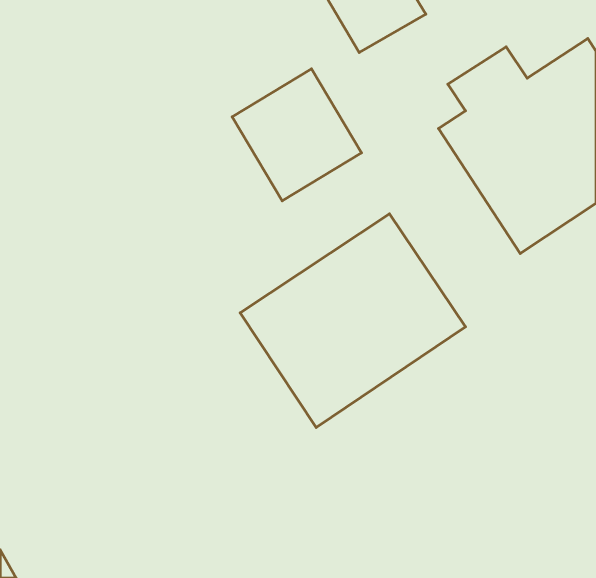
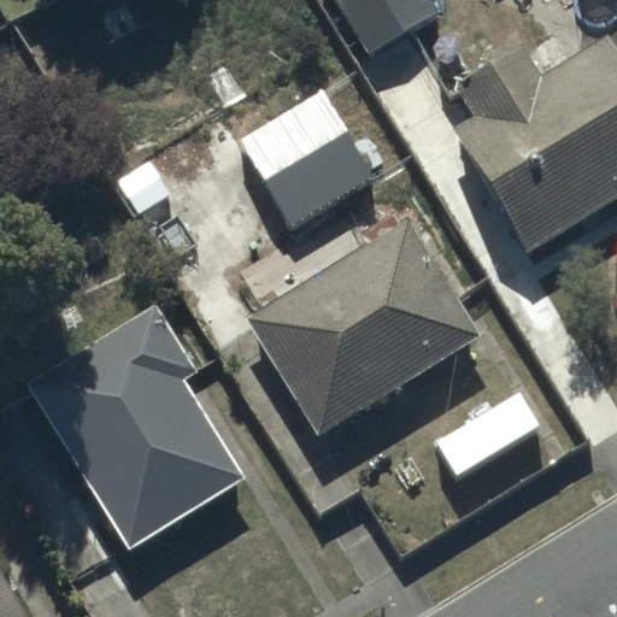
building: none -> [25,307,247,557]

